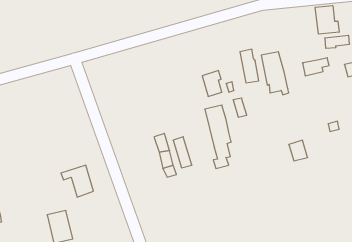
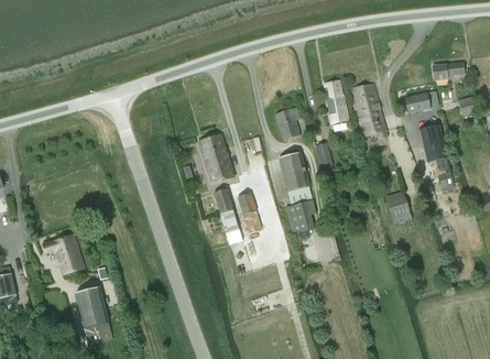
building: [315,6,339,34] -> none
building: none -> [420,123,446,162]
building: none -> [197,133,235,184]
building: [61,165,93,197] -> [42,233,84,274]

